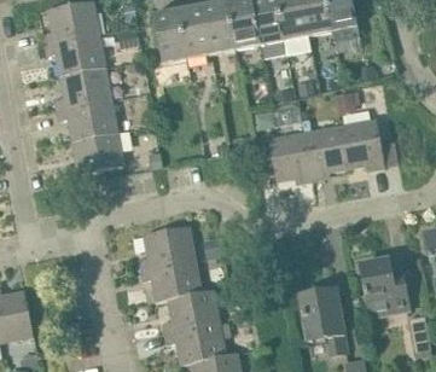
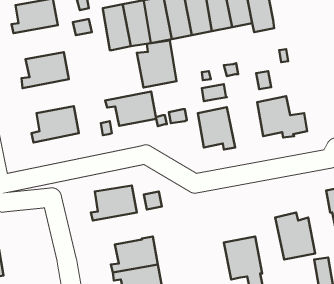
building: [45,34,105,75] -> none
building: none -> [137,40,176,87]
building: [56,99,117,140] -> [105,92,156,126]
building: [302,127,345,181] -> none
building: [140,260,199,301] -> none

